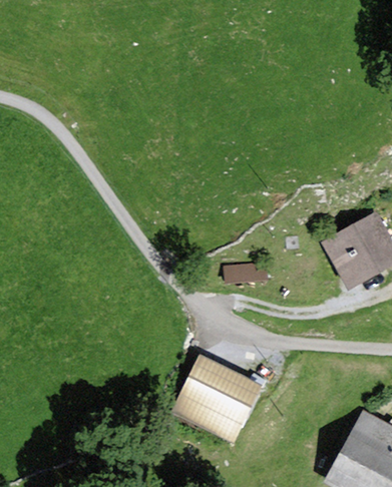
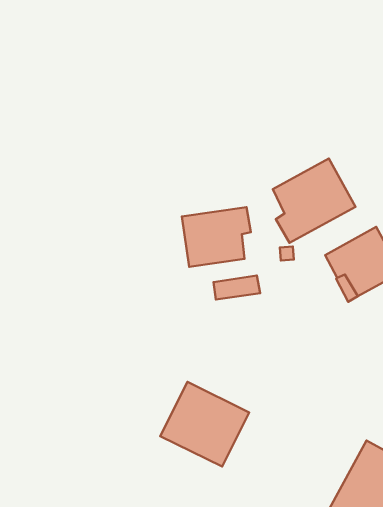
building: none -> [273,158,355,243]
building: none -> [182,207,251,267]

